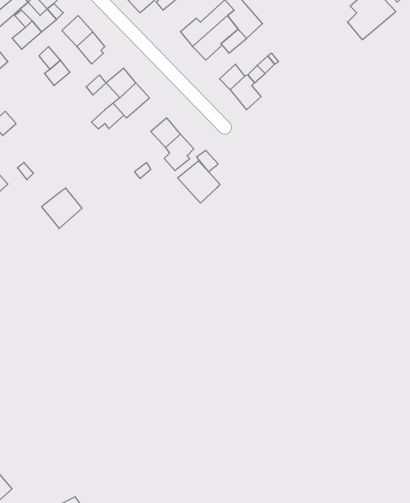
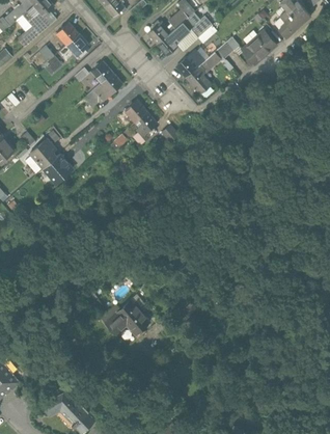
building: none -> [241,31,276,64]
building: [178,161,220,203] -> none
building: none -> [28,138,56,168]
building: none -> [112,296,148,329]

